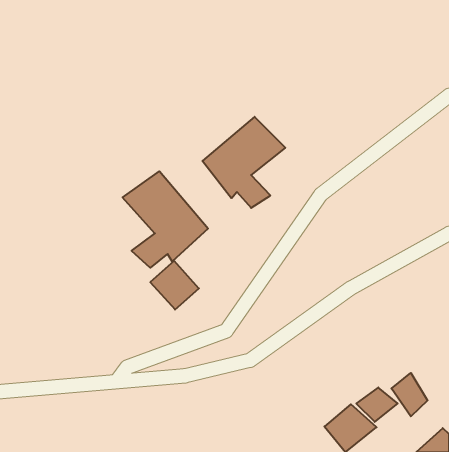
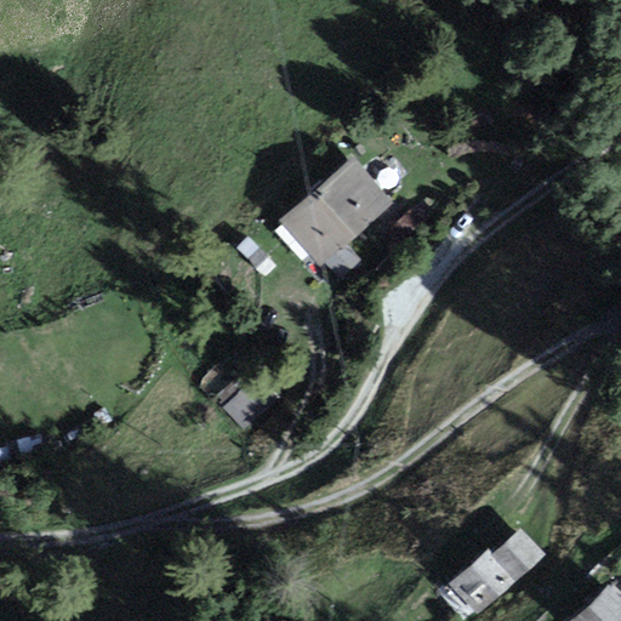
building: [123,171,208,268] -> none
building: [391,373,428,416] -> none

